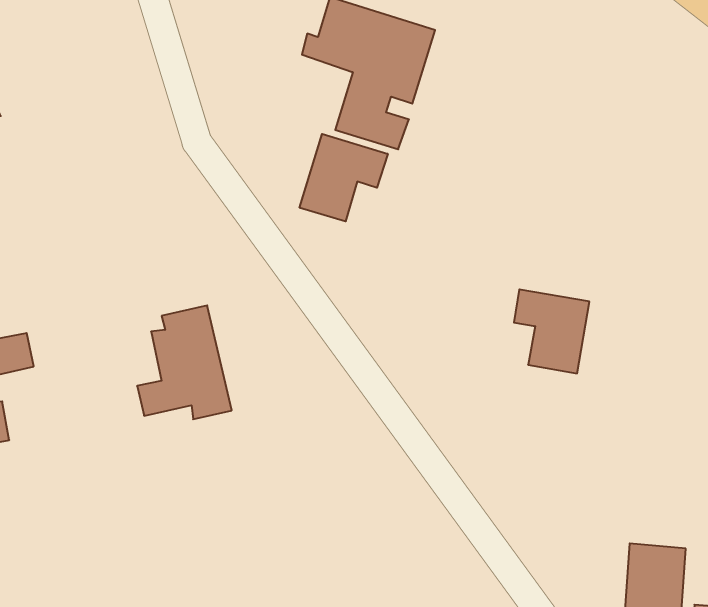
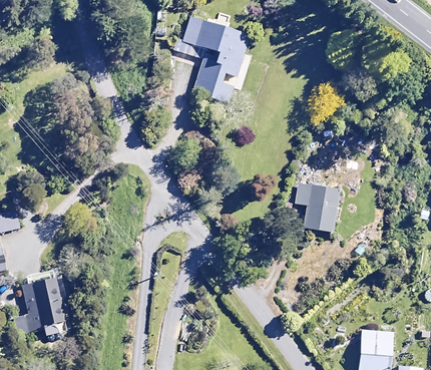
building: [300,134,388,221] -> none
building: [137,305,232,419] -> [14,270,68,335]

